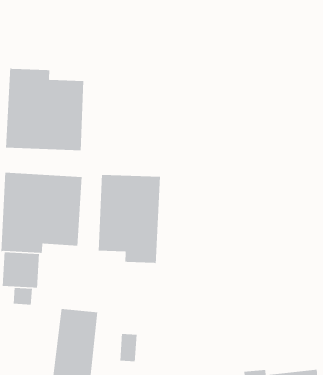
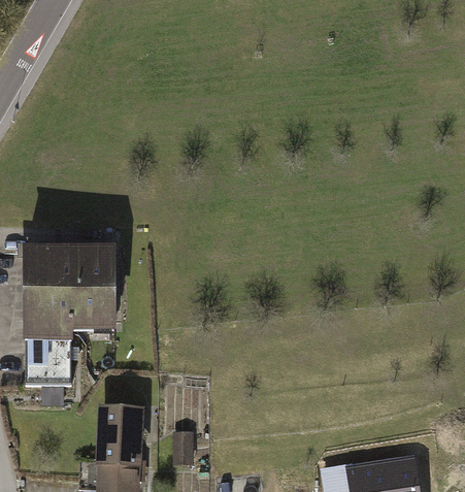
building: [5,67,84,151] -> none
building: [98,174,161,264] -> none

